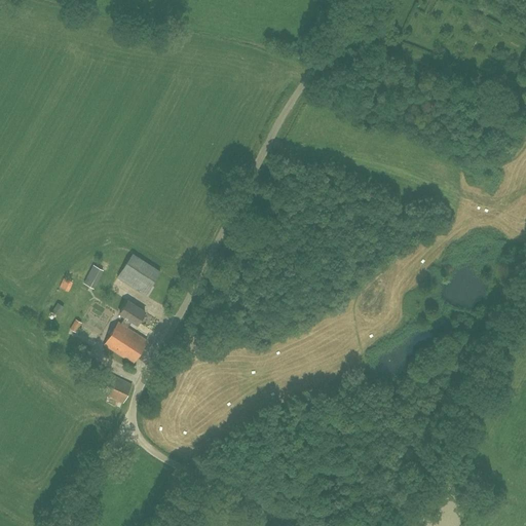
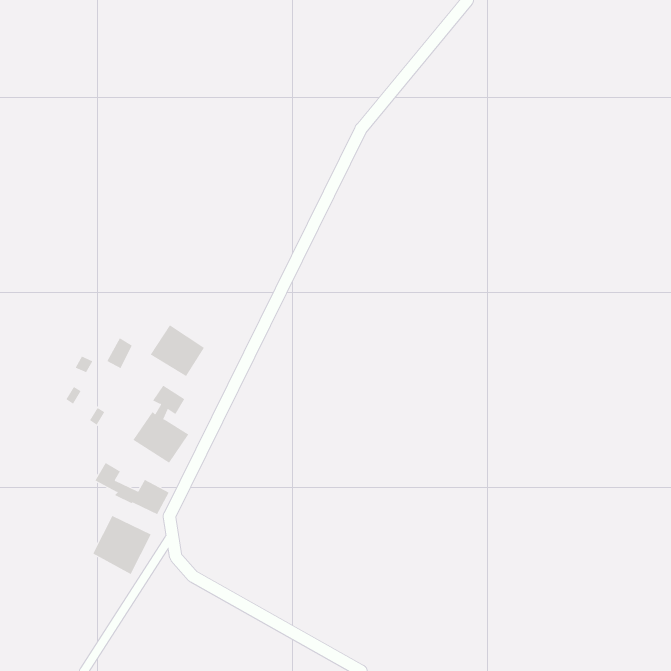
building: none -> [93,515,151,575]

